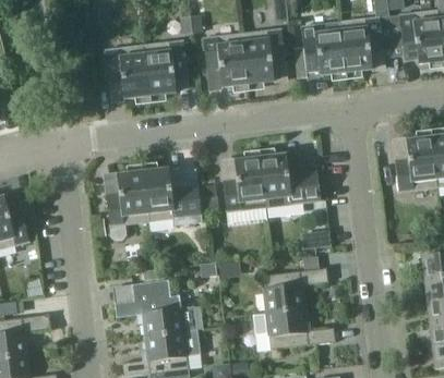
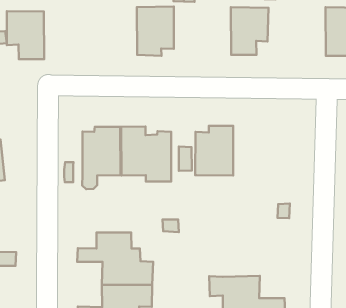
building: [292,23,346,78] -> none
building: [203,35,248,87] -> none
building: [106,47,151,99] -> [7,11,44,59]
building: [259,154,321,208] -> none
building: [263,256,328,314] -> none

